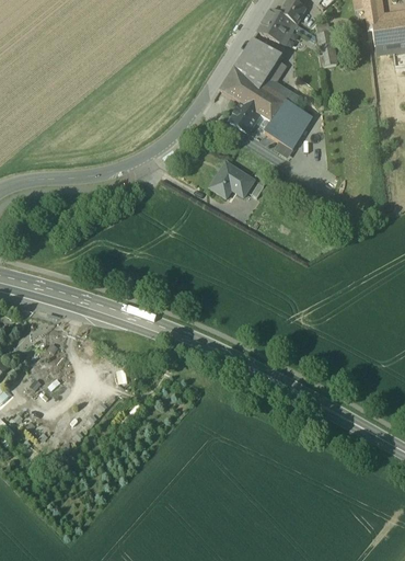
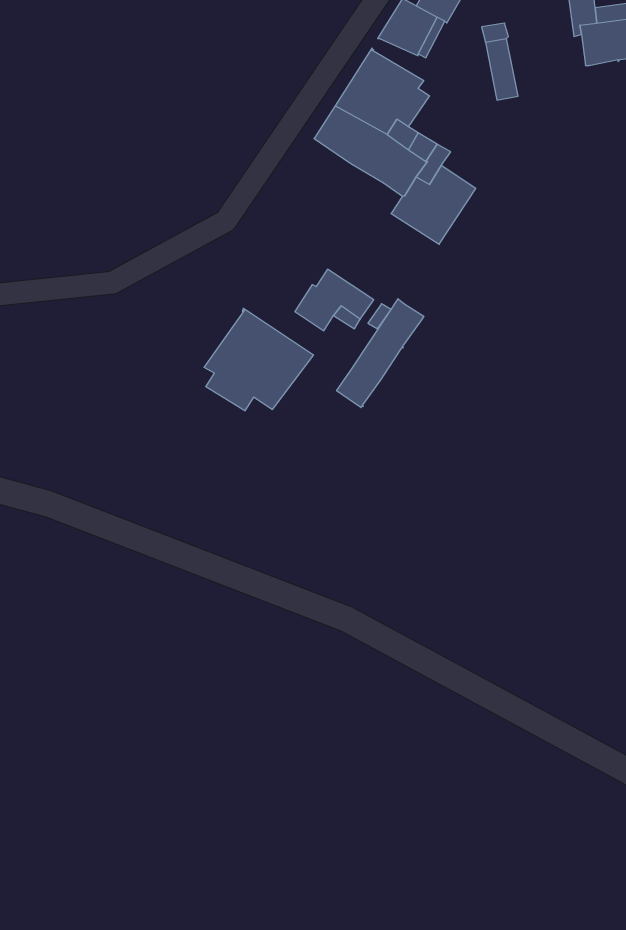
building: [230,102,261,131] -> none
building: none -> [337,299,424,408]
building: none -> [204,308,313,411]

